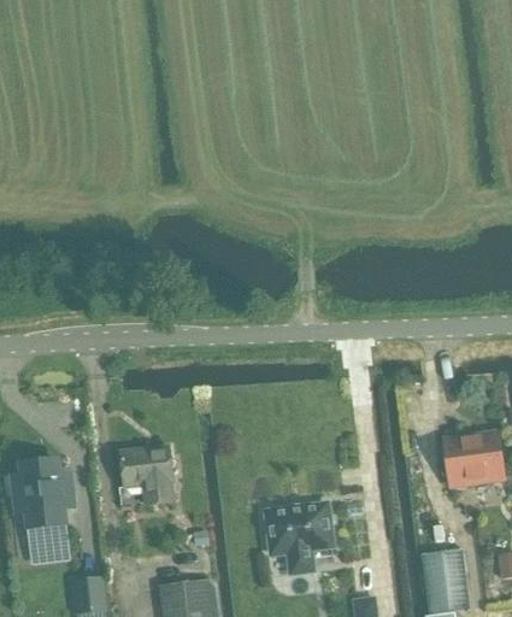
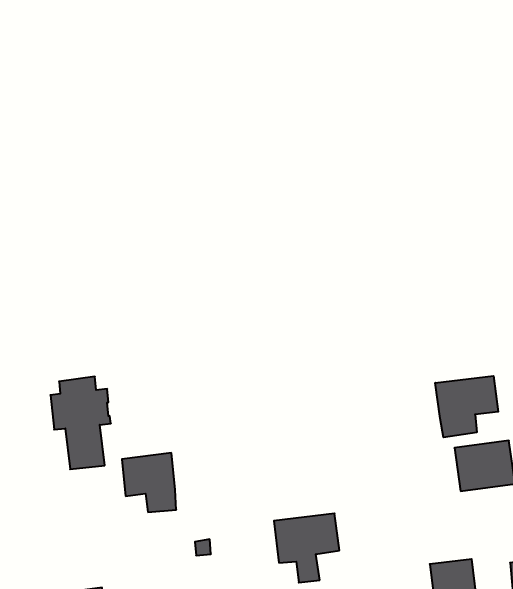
building: none -> [435,376,498,437]
building: [13,460,72,551] -> [50,377,111,469]

